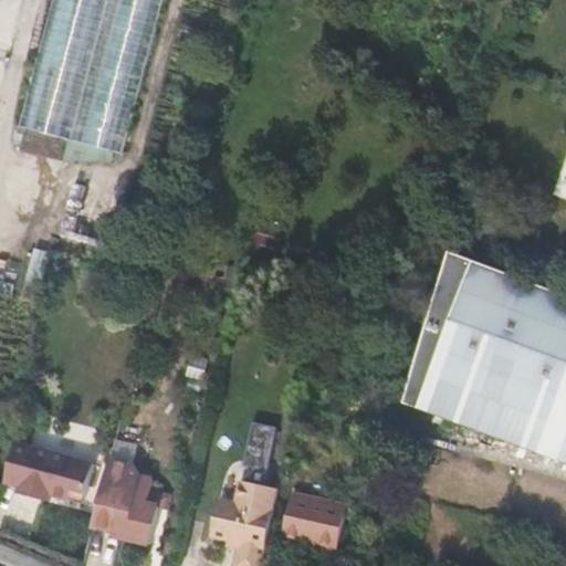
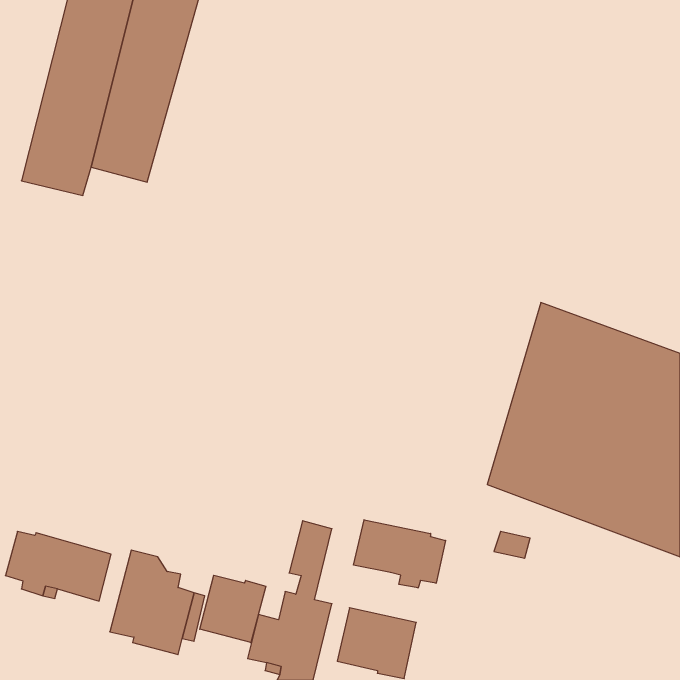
building: none -> [354,520,446,588]
building: none -> [200,575,266,643]

